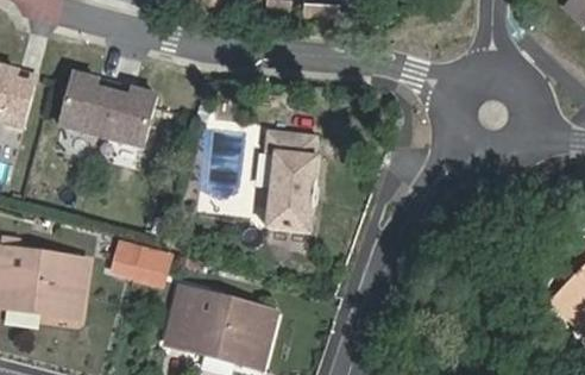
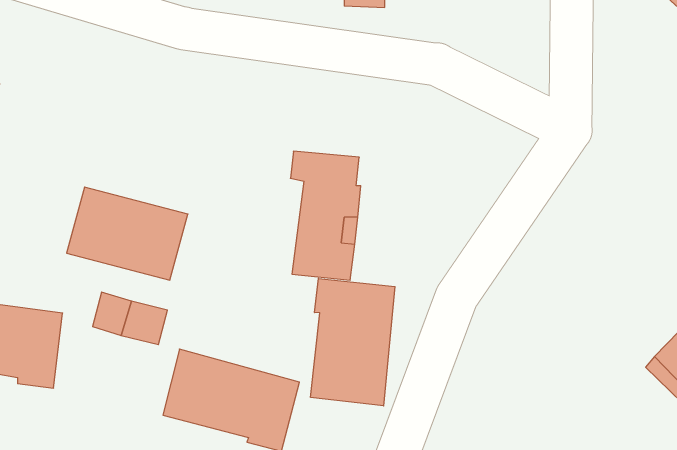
building: [59,74,156,148] -> [67,187,188,280]
building: none -> [311,278,395,406]

